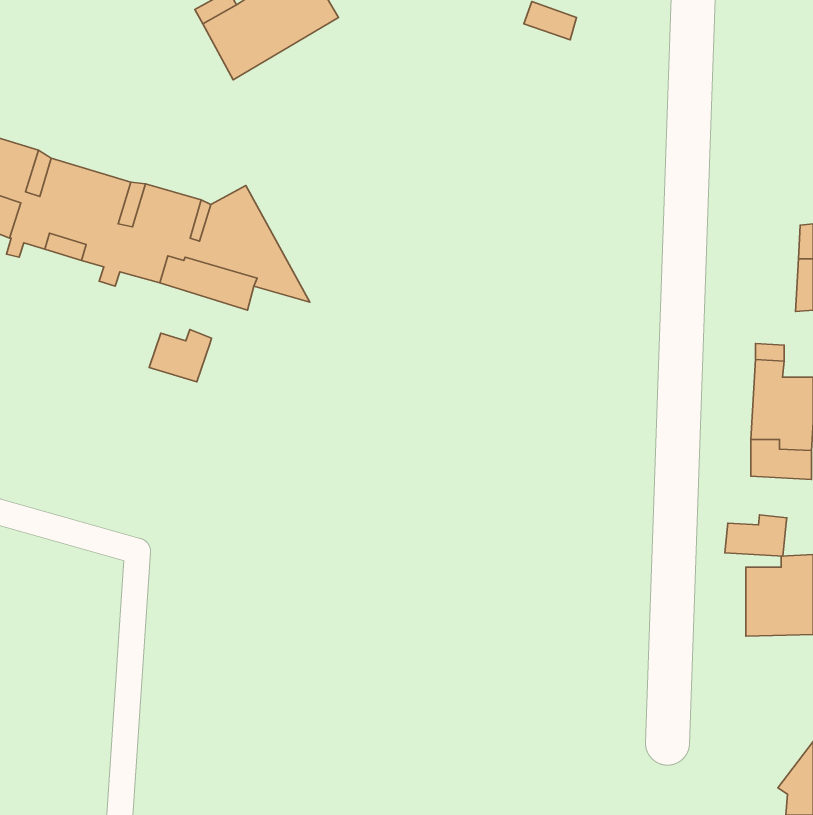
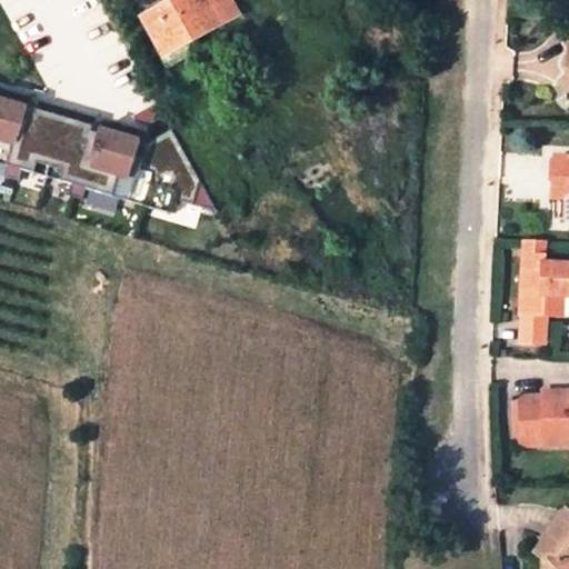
building: [149,330,212,382] -> none
building: [725,515,787,556] -> none

